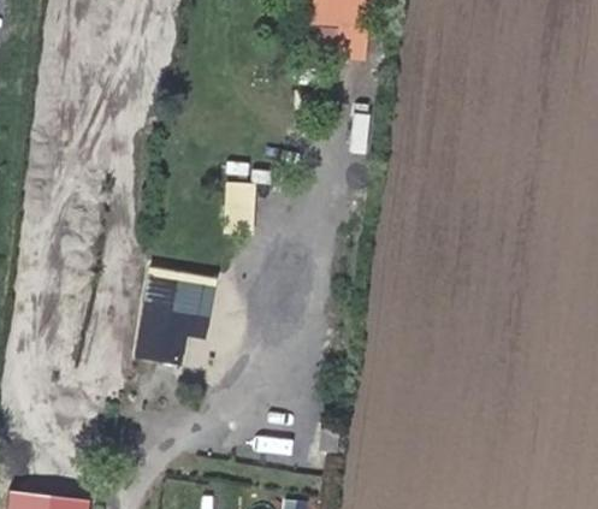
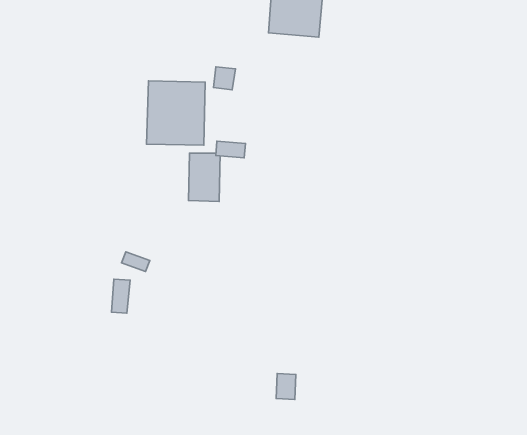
building: none -> [146,81,205,145]

